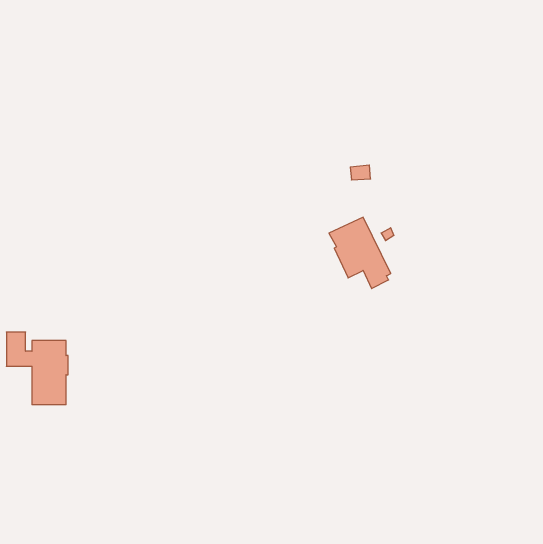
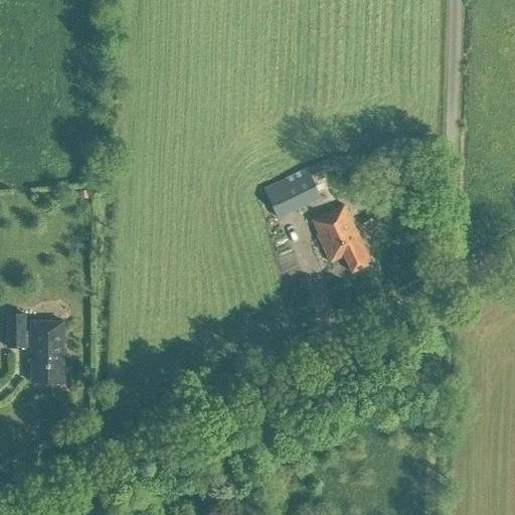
building: none -> [266,164,324,218]

